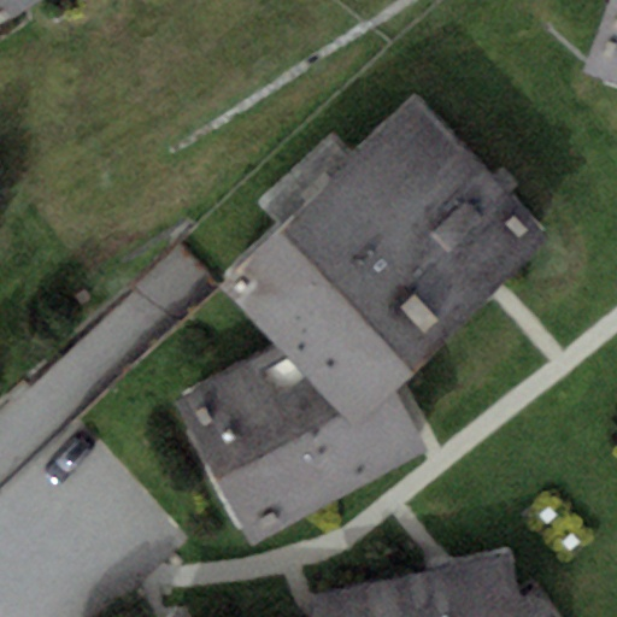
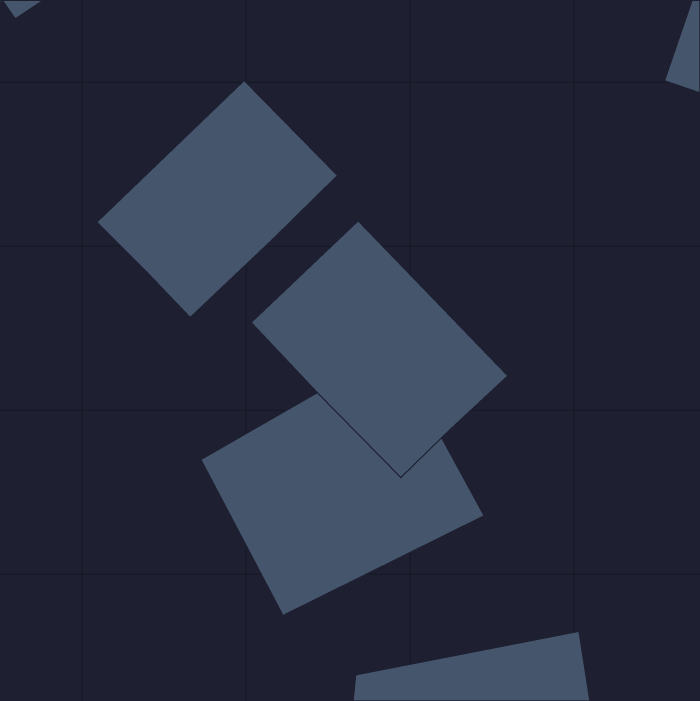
building: none -> [97,80,338,317]
building: [315,100,543,330] -> none

